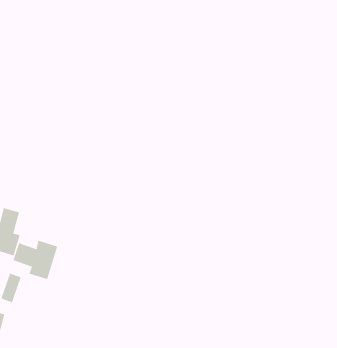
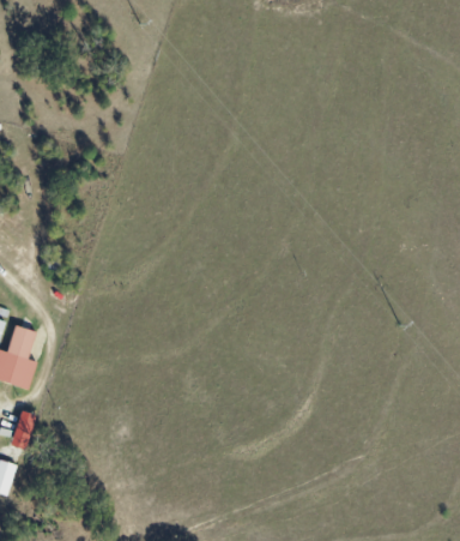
building: [13,240,58,280] -> none

